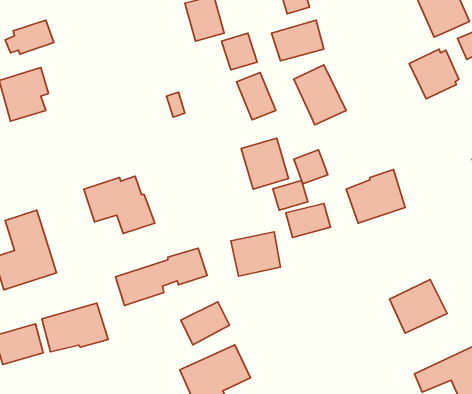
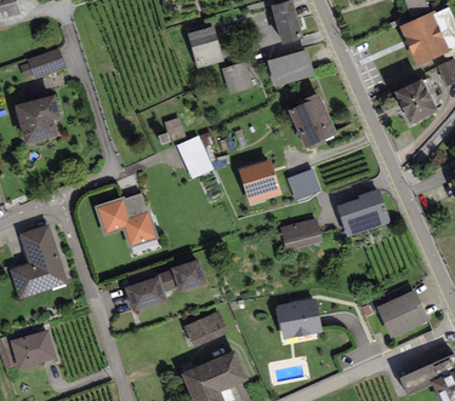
building: [237,73,276,120] -> [177,134,214,178]
building: [273,180,308,210] -> none
building: [231,232,281,276] -> [275,299,322,340]
building: [42,303,108,352] -> none

